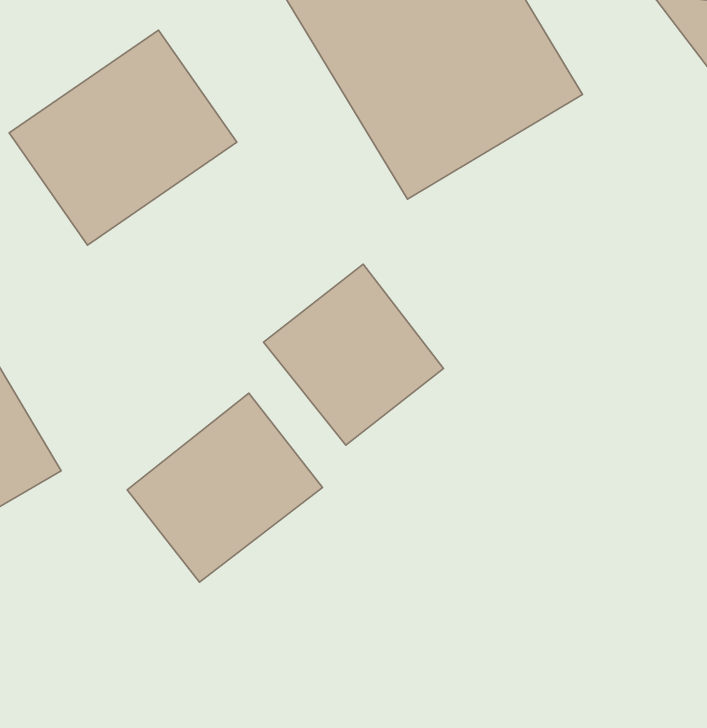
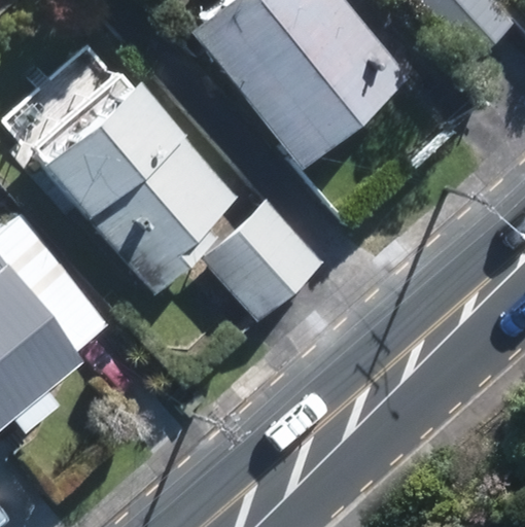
building: none -> [90,137,244,286]
building: [127,393,322,582] -> none

